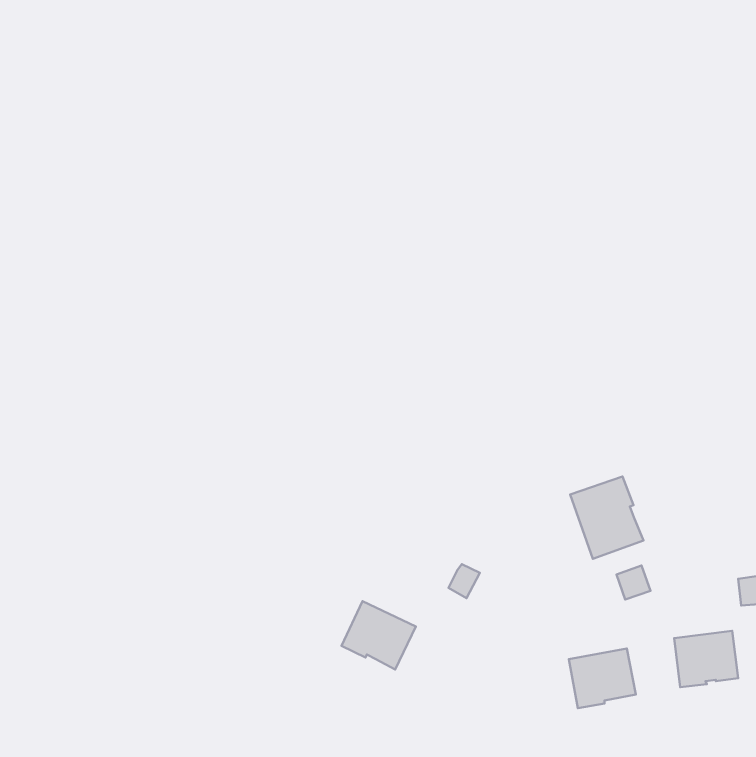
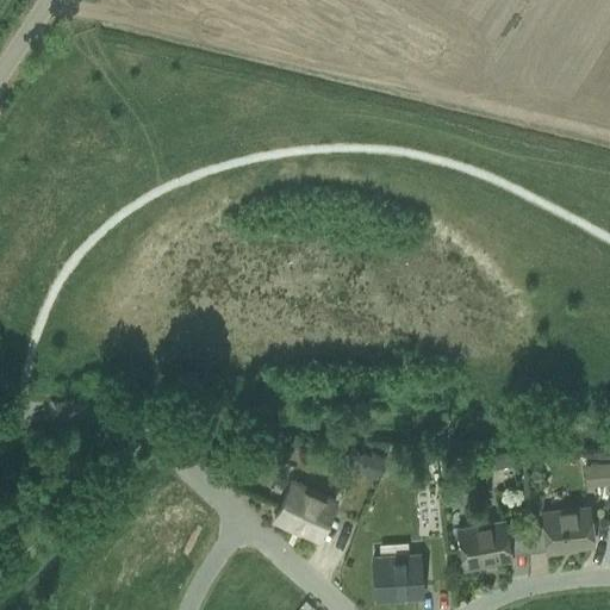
building: [570,477,644,559] -> none
building: none -> [374,558,424,600]

